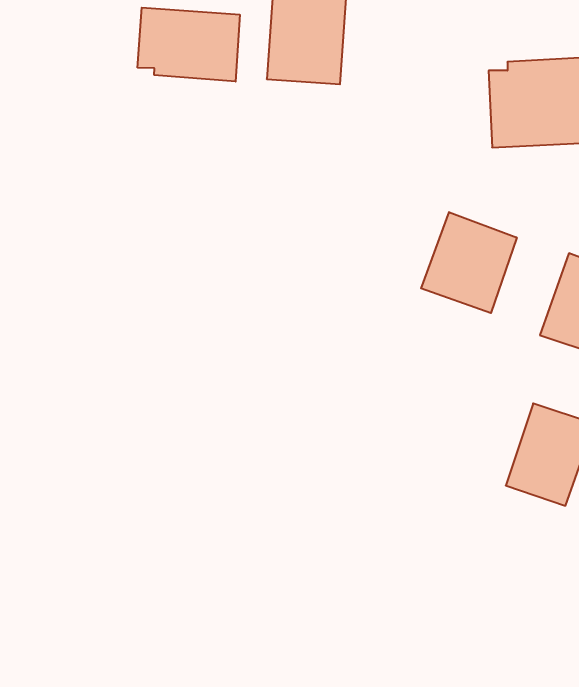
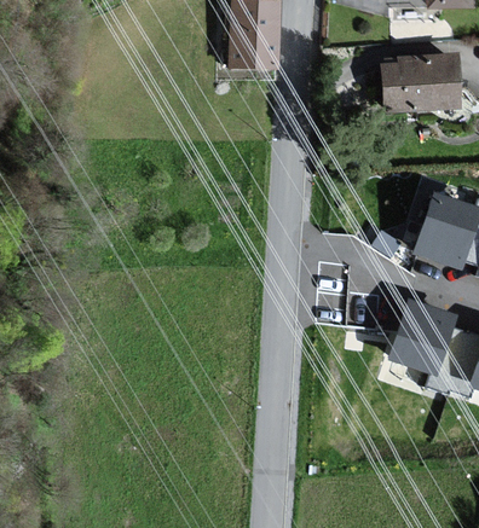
building: [138,8,240,82] -> none
building: [421,212,517,313] -> none

